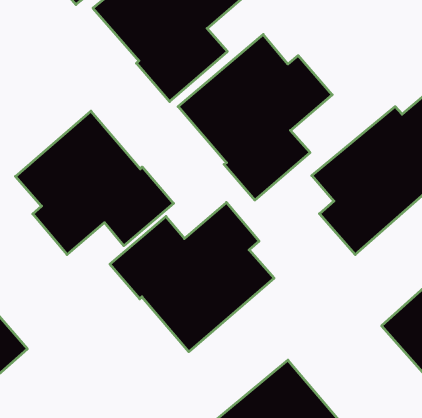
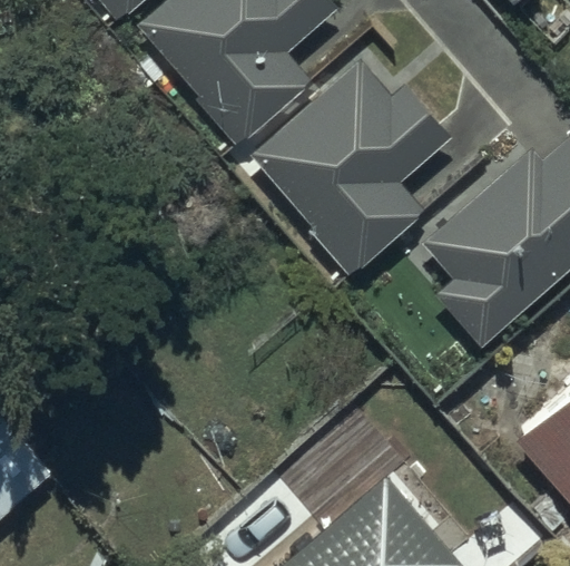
building: [15,111,174,255] -> none
building: [110,202,274,352] -> none

